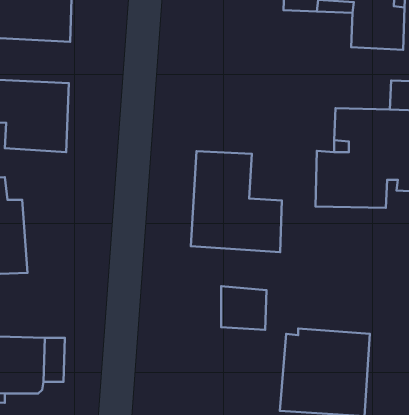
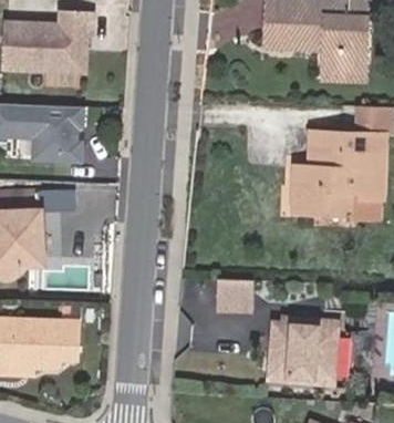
building: [191,151,282,252] -> none

